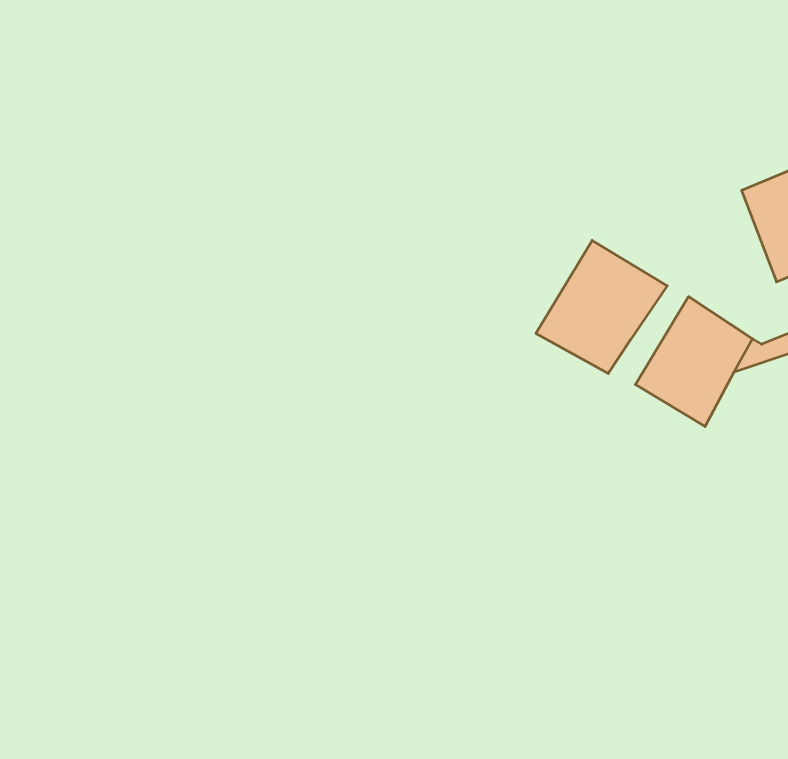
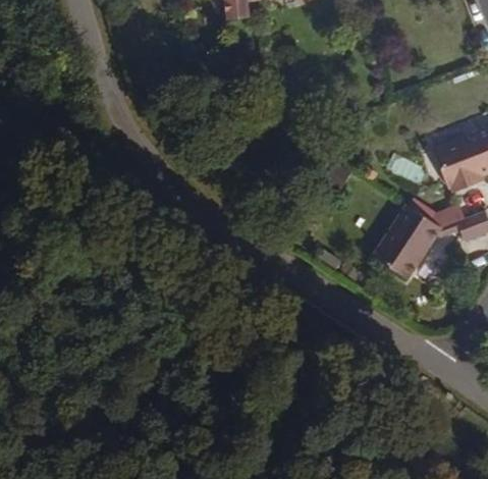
building: [536,240,667,374] -> none

